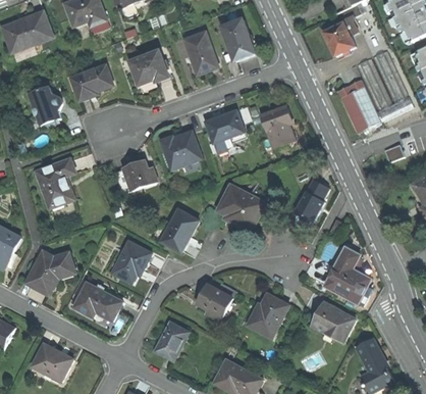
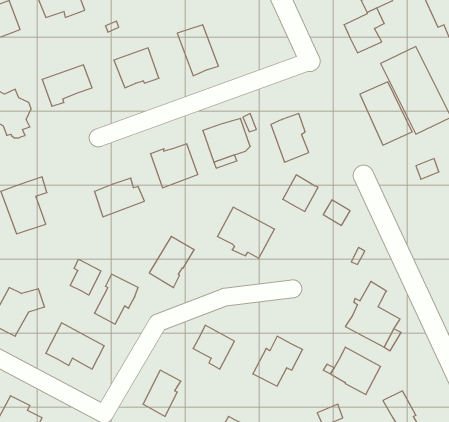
building: [222,19,255,60] -> none
building: [295,191,324,221] -> [283,175,318,211]
building: none -> [70,259,101,295]

